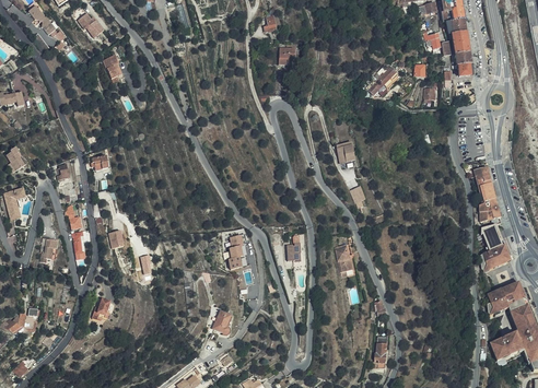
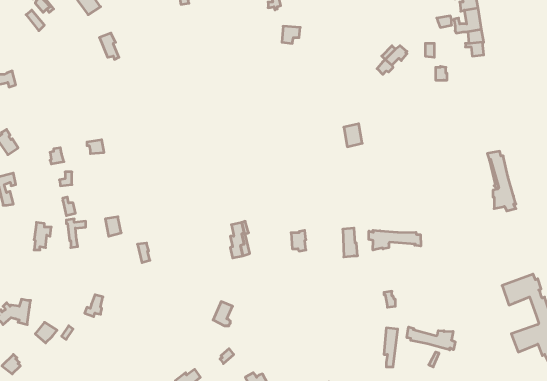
building: [480,225,508,271] -> none
building: none -> [369,230,421,250]
building: none -> [407,327,455,350]

